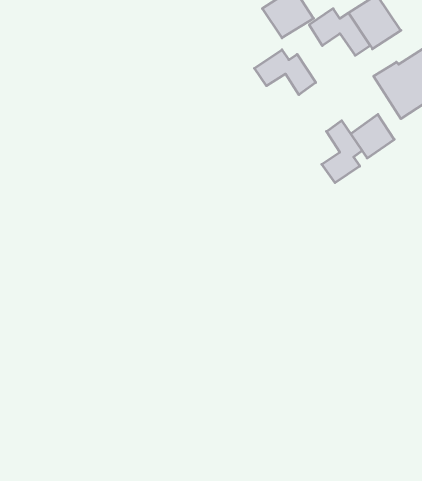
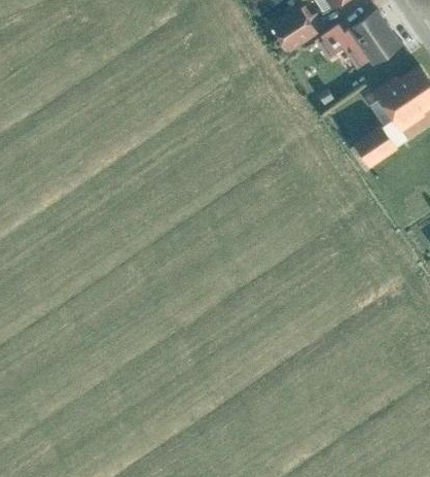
building: [254,50,316,95] -> none
building: [322,121,362,183] -> none

